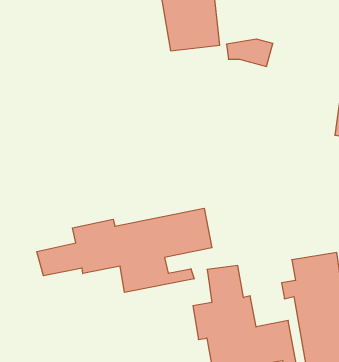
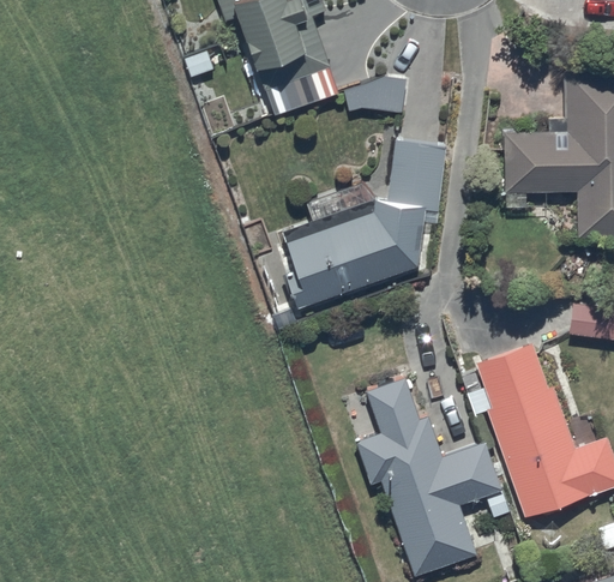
building: none -> [283,139,447,308]
building: [37,208,212,292] -> none

